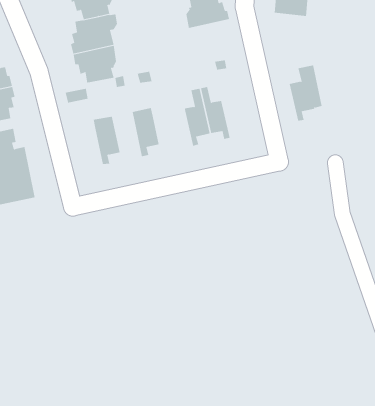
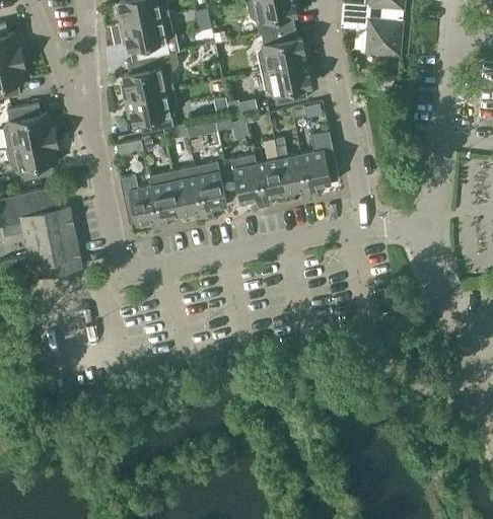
building: none -> [260,57,312,103]
building: [289,65,323,121] -> [299,130,339,196]
building: none -> [230,153,265,208]
building: none -> [171,165,205,220]
building: none -> [119,174,159,229]

